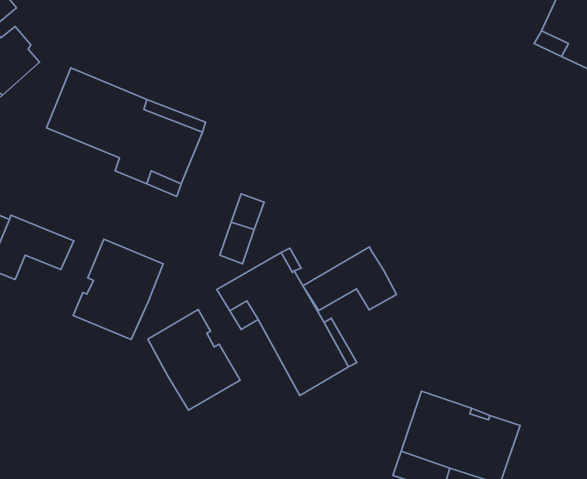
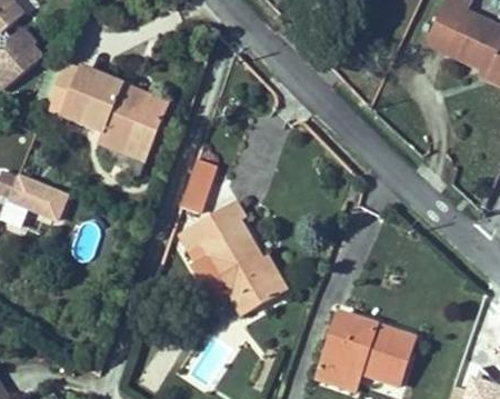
building: [73,239,163,339] -> none
building: [303,247,396,311] -> none
building: [148,310,240,410] -> none

